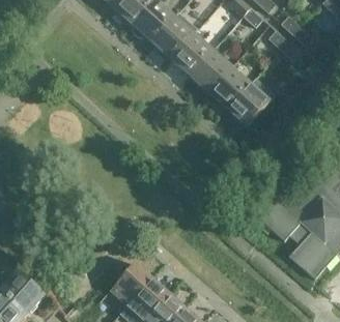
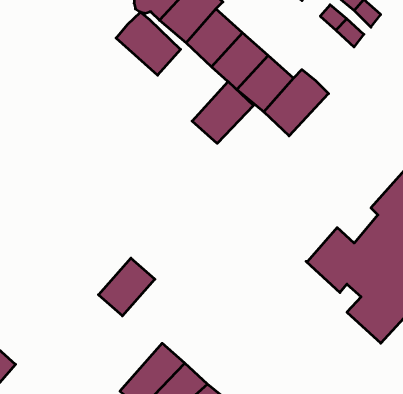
building: none -> [116,12,181,75]
building: none -> [192,82,253,143]
building: [111,263,152,305] -> [98,258,155,316]

